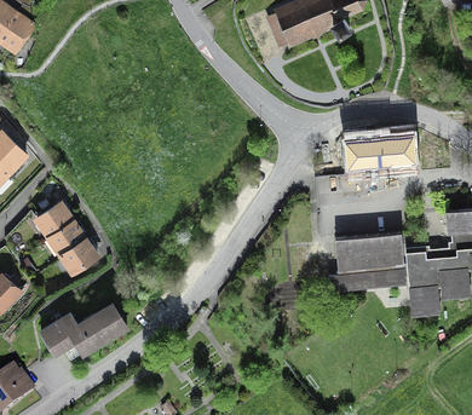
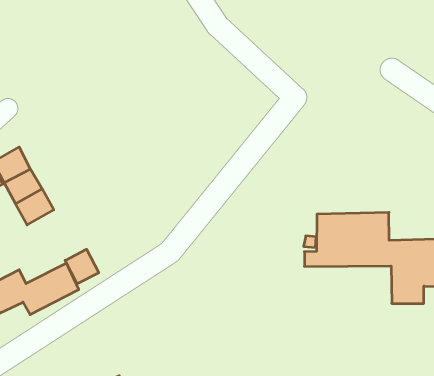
building: [347,133,411,168] -> none
building: none -> [65,249,99,284]

